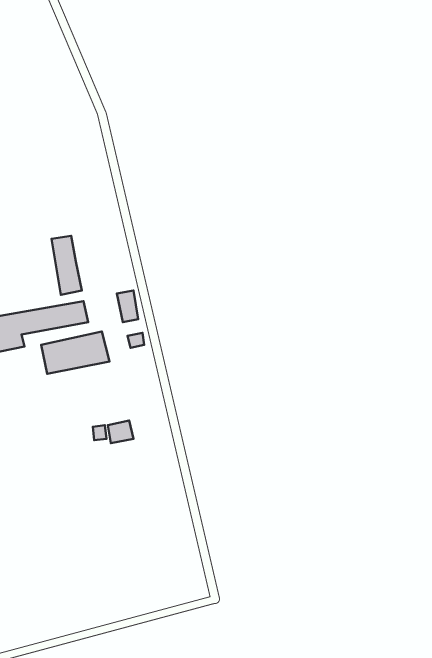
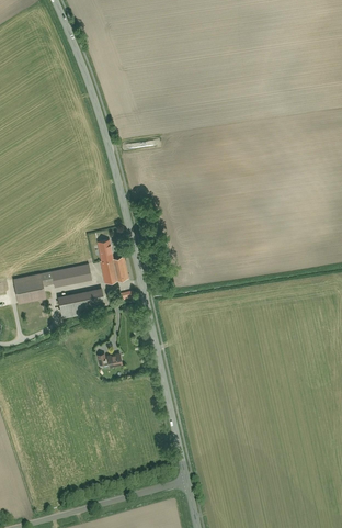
building: [52,236,82,295] -> [95,240,117,283]

